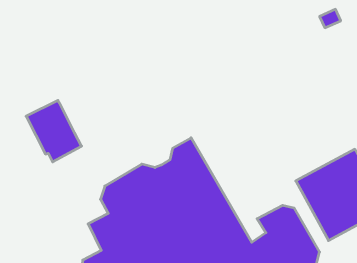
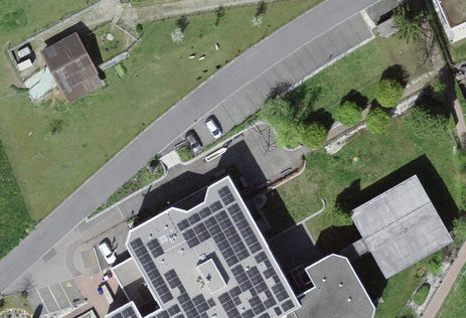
building: [26,100,82,162] -> [40,39,104,110]

